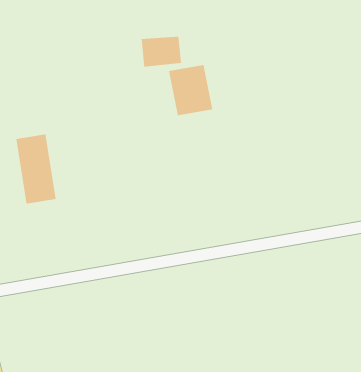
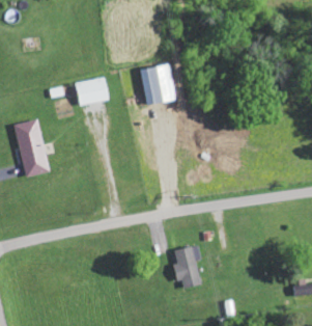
building: [141,36,182,67] -> [75,79,108,104]
building: none -> [173,245,202,289]

